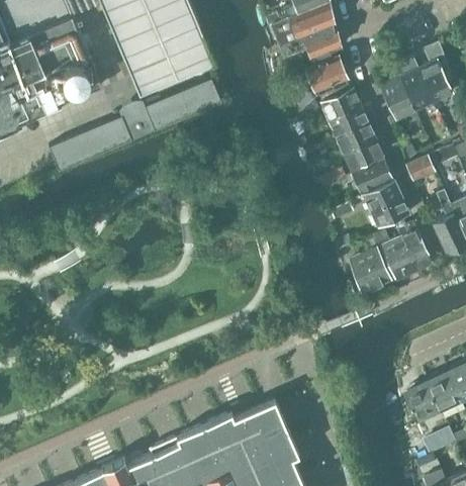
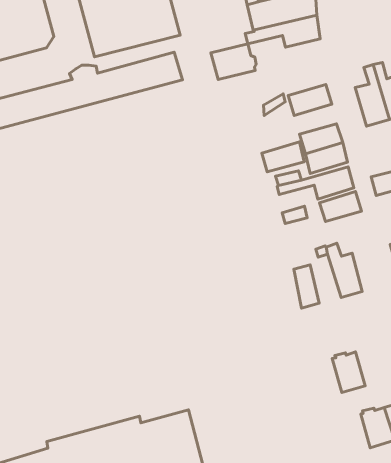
building: [305,57,348,93] -> [211,44,256,80]
building: [329,105,368,136] -> [262,142,304,172]
building: [371,198,410,229] -> none
building: [399,221,433,271] -> none
building: [363,248,392,287] -> none
building: [408,382,442,420] -> [332,352,365,392]

